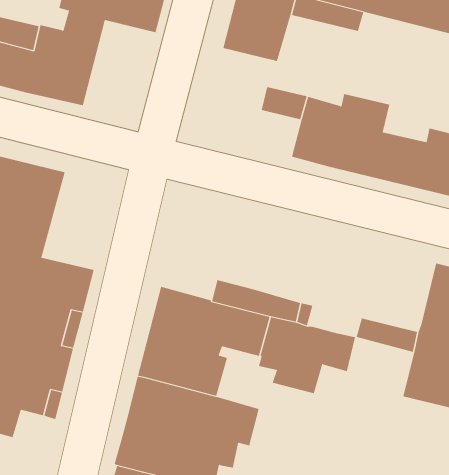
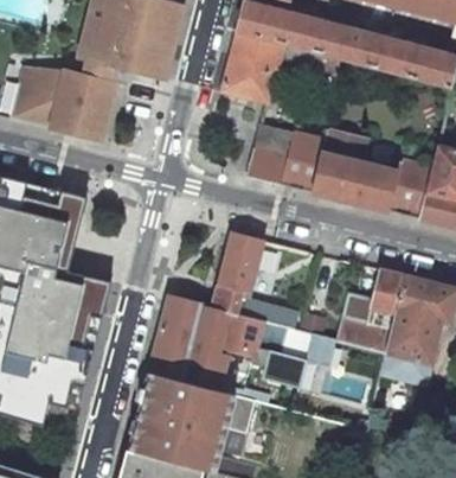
building: none -> [246,142,289,183]
building: none -> [217,231,263,297]
building: none -> [367,268,405,327]

